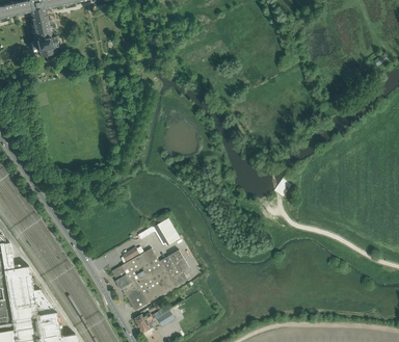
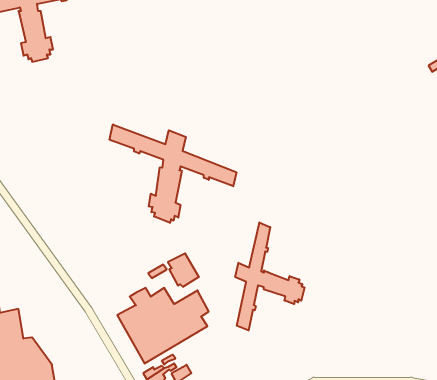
building: none -> [110,124,236,223]
building: none -> [235,222,304,330]

